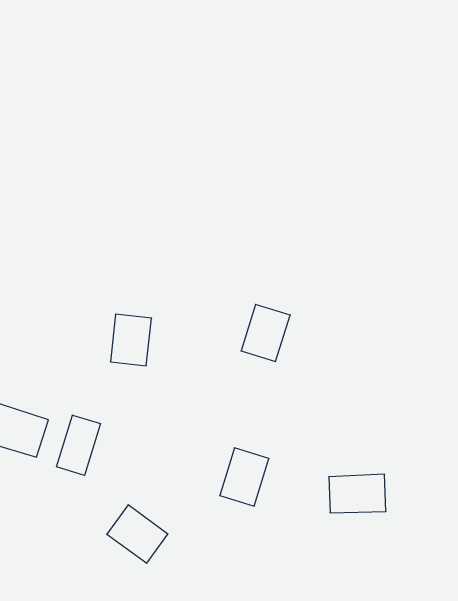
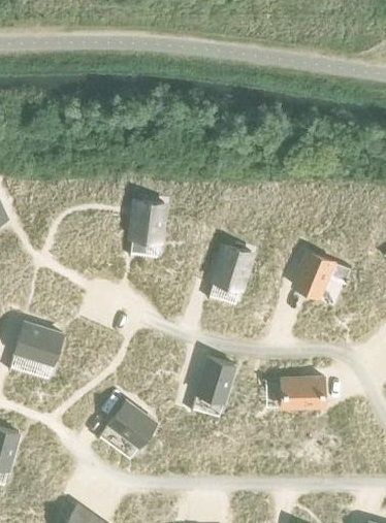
building: none -> [293,254,332,299]
building: [110,314,152,366] -> [132,202,164,242]
building: [56,415,100,475] -> none

